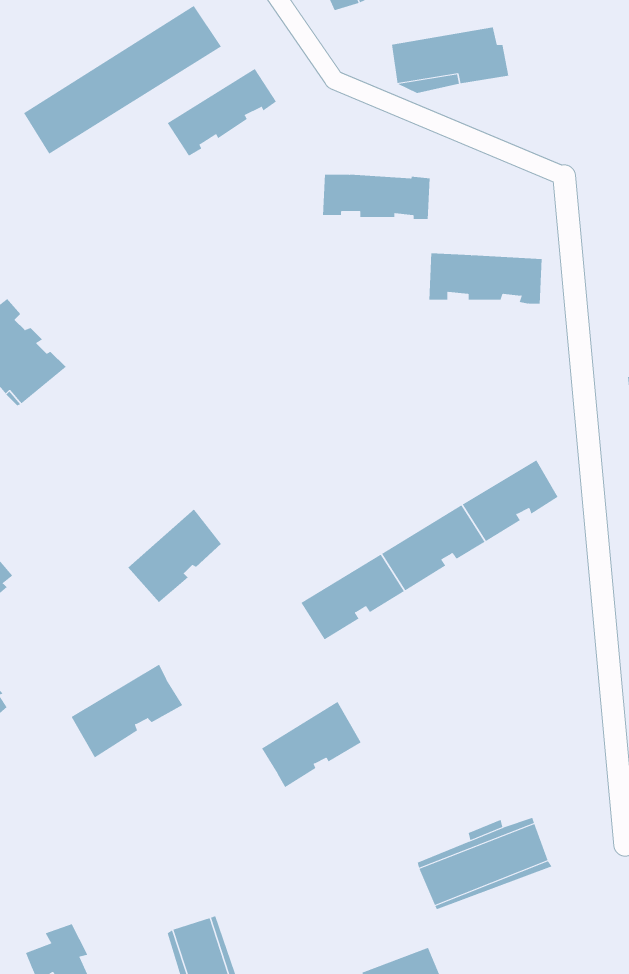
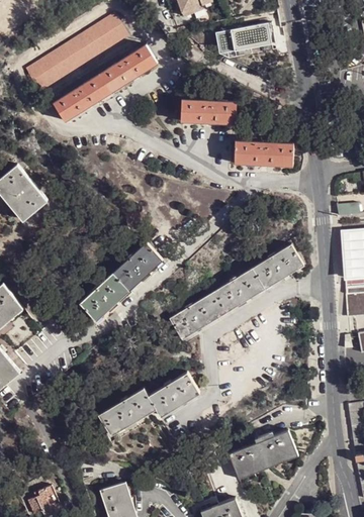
building: none -> [54,74,111,120]
building: none -> [114,241,163,290]
building: [71,664,183,758] -> [99,387,157,435]

